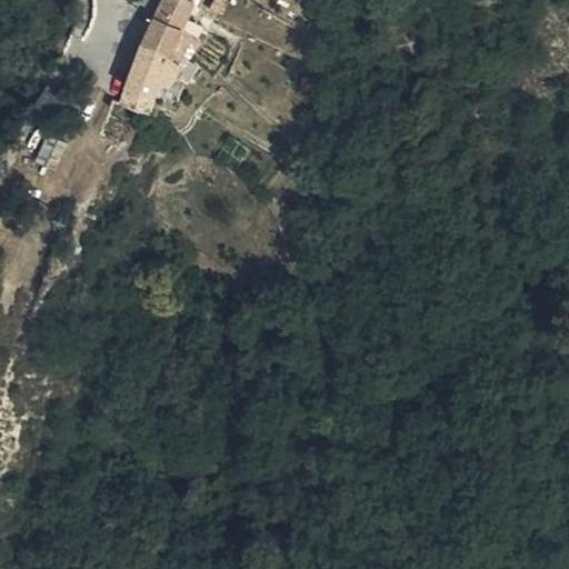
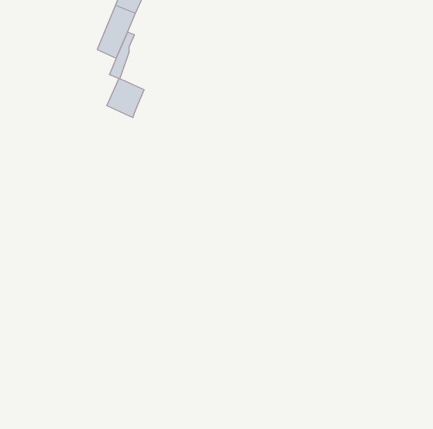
building: [114,60,162,110] -> [107,79,144,118]

